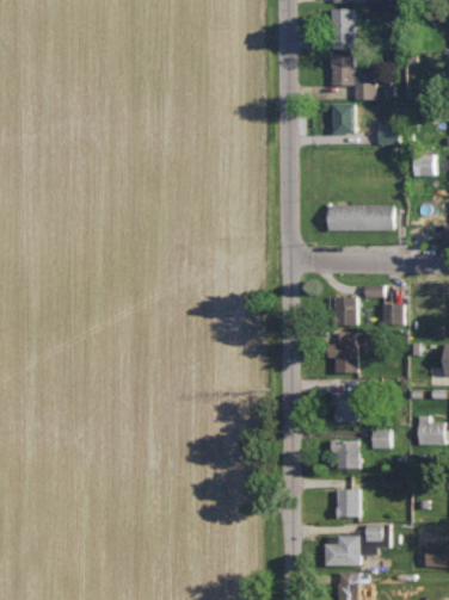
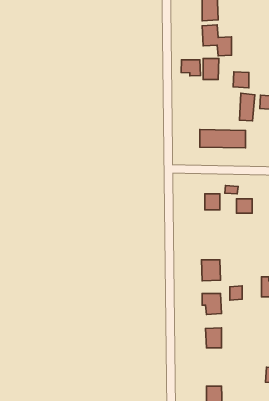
building: none -> [181,60,200,76]
building: none -> [239,93,255,121]
building: [332,332,356,372] -> none
building: [324,522,388,565] -> none

